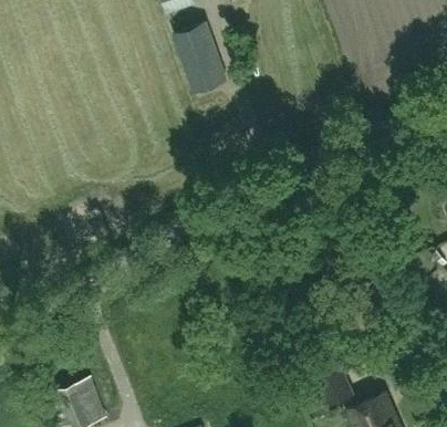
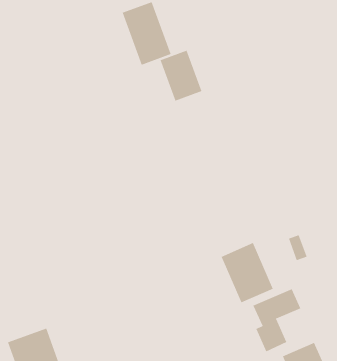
building: none -> [160,50,202,101]
building: none -> [221,242,274,303]

